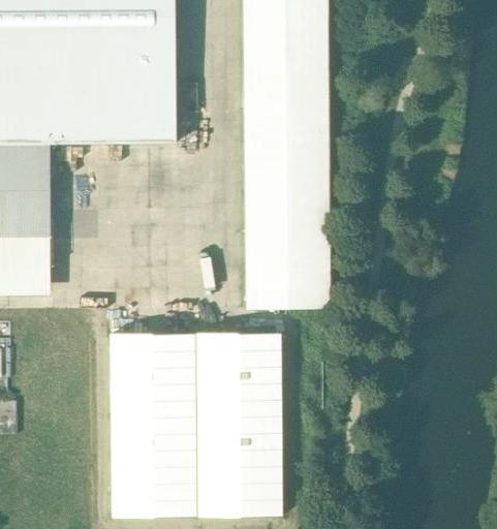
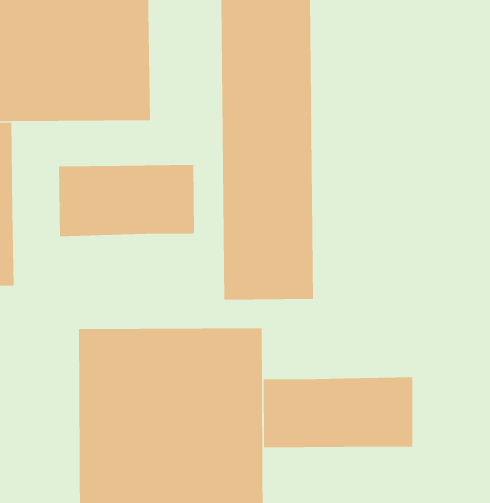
building: none -> [58,164,195,237]
building: none -> [263,376,413,448]

